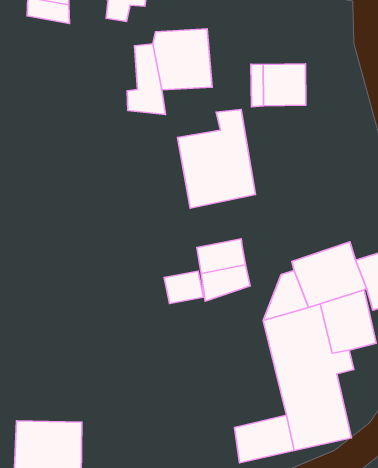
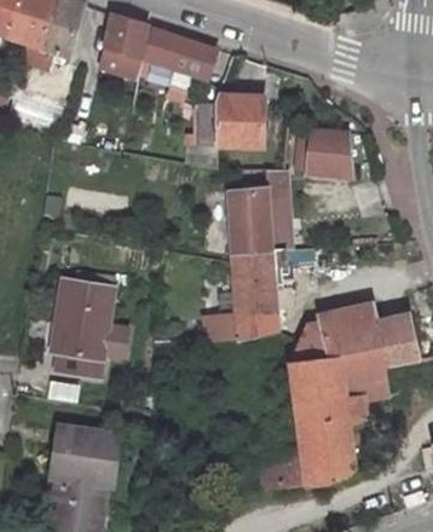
building: none -> [232,247,313,290]
building: none -> [54,282,115,376]

